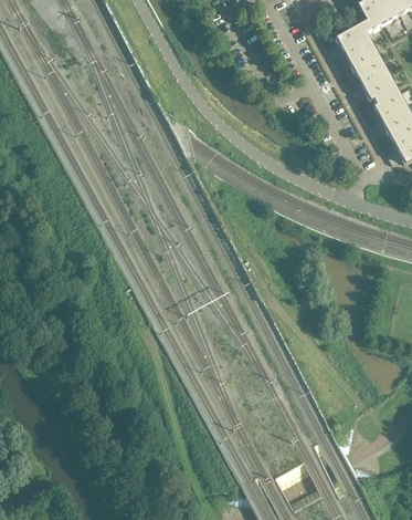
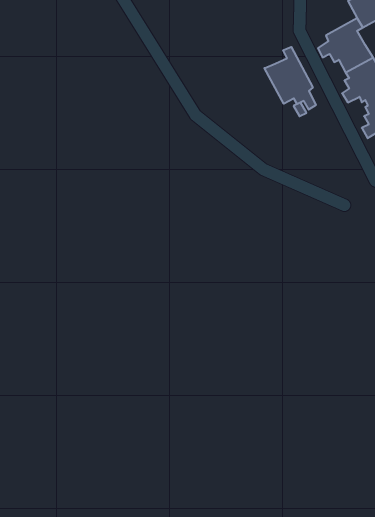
building: none -> [264,47,316,110]

